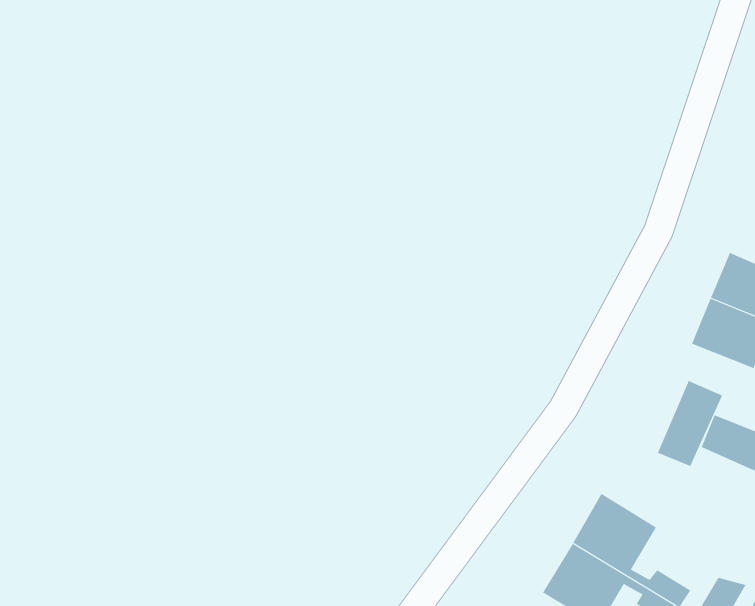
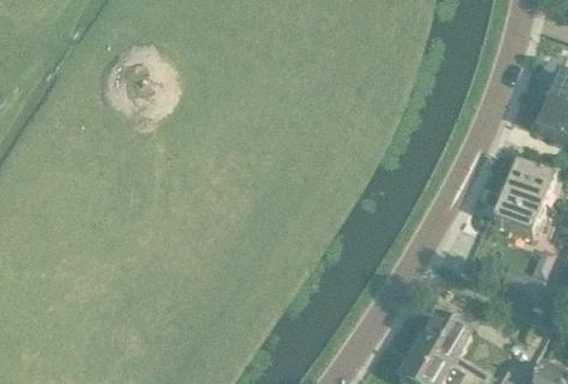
building: [657,380,723,467] -> none

